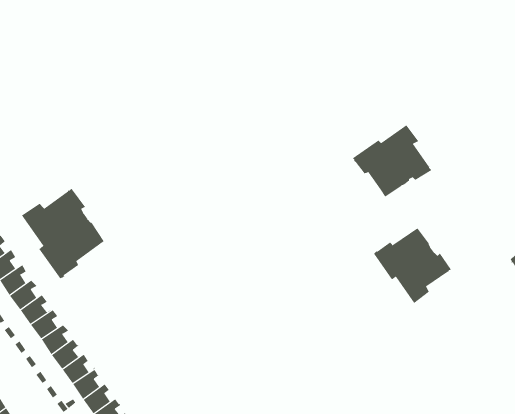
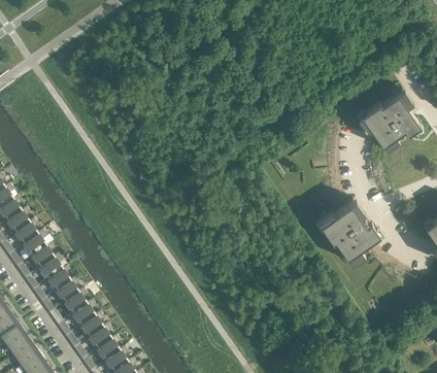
building: [352,124,432,198] -> [358,92,421,149]
building: [21,188,105,279] -> none

